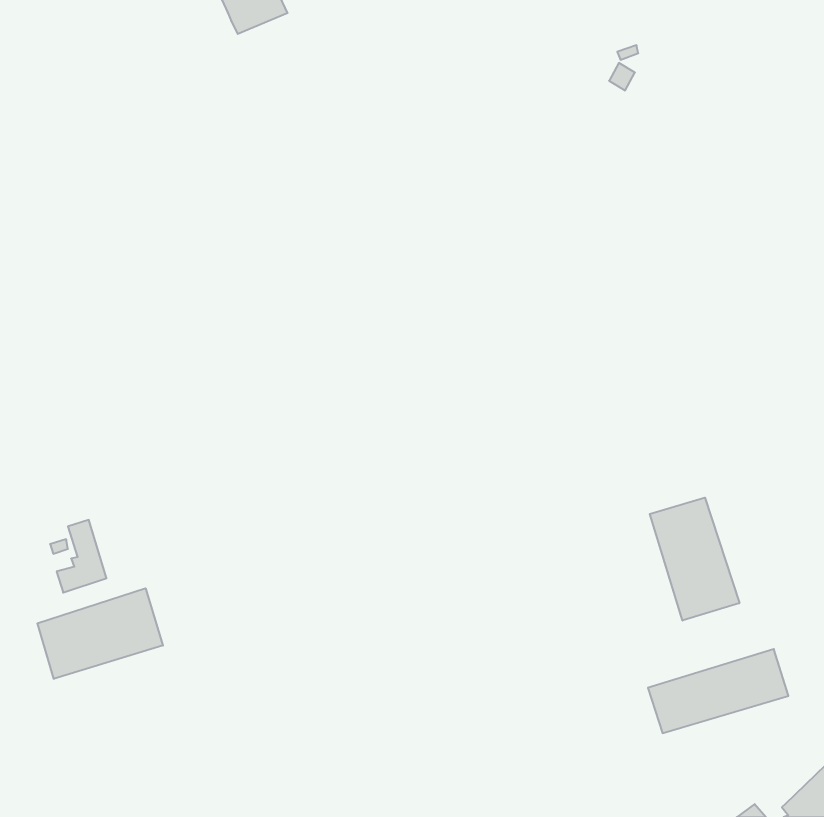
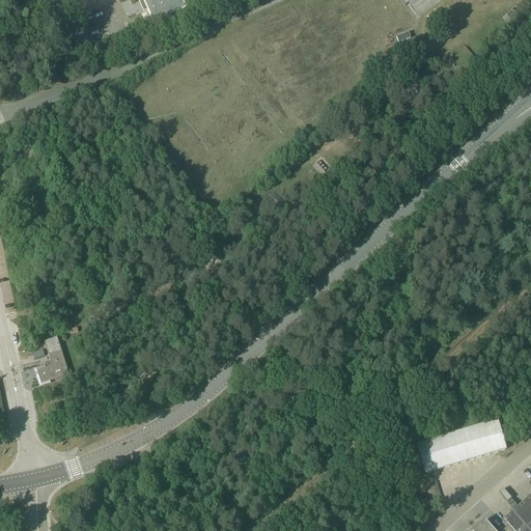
building: [650,498,739,621] -> none
building: [37,588,163,679] -> none

